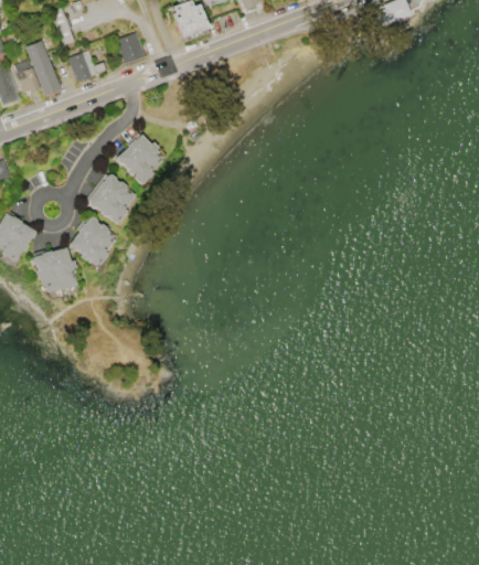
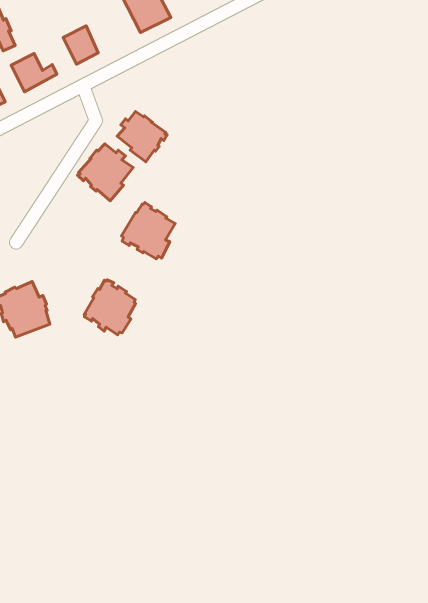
building: none -> [117,112,167,162]
building: [88,174,136,224] -> [122,203,175,259]
building: [70,217,115,266] -> [84,280,136,335]

